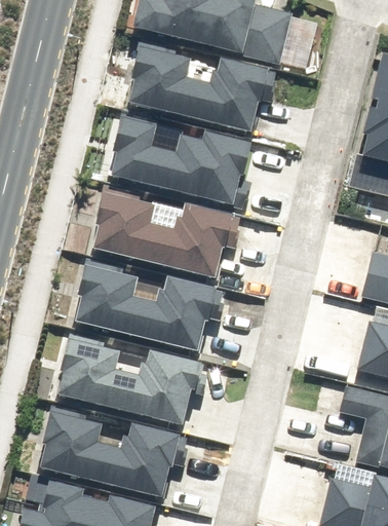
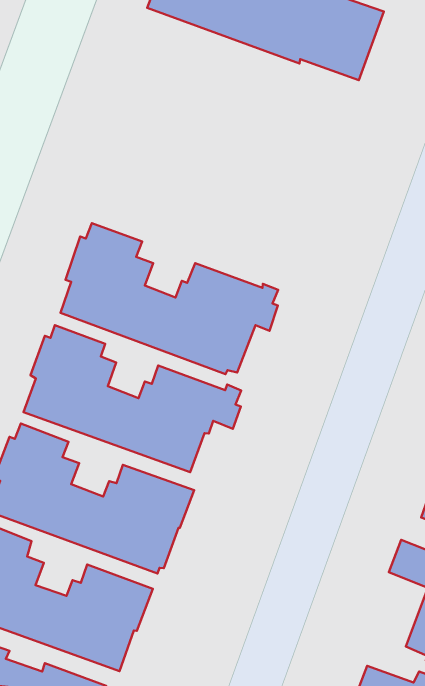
building: [128,37,266,132] -> none
building: [111,111,250,205] -> none

